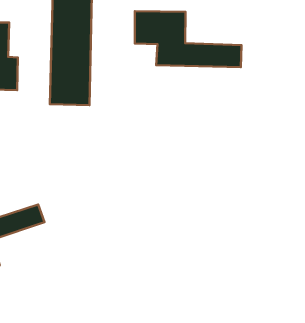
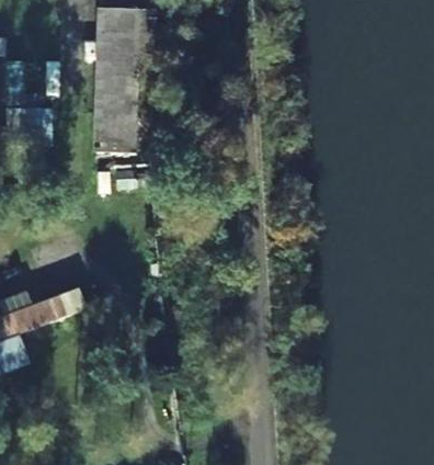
building: [135,11,242,67] -> none

